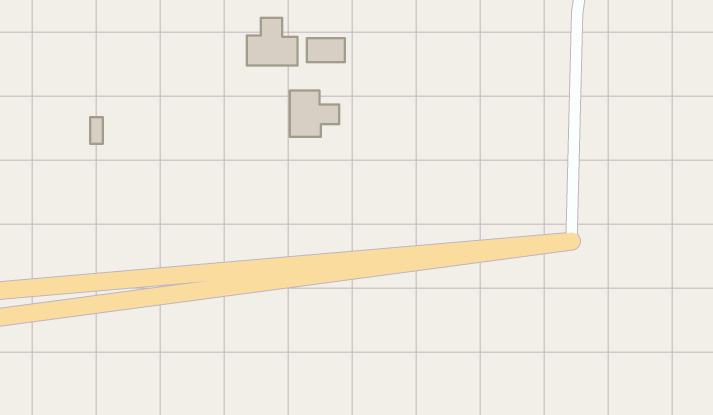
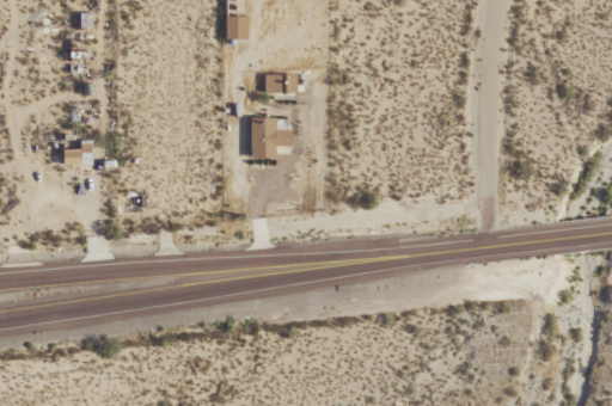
building: [247,18,298,65] -> none

